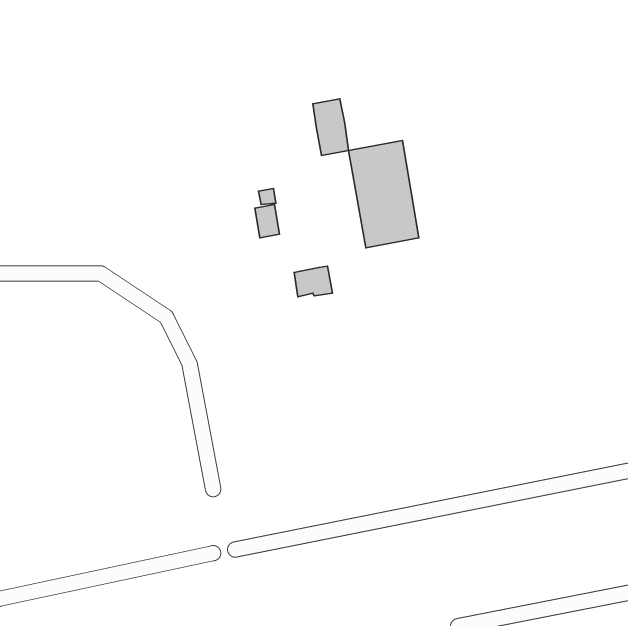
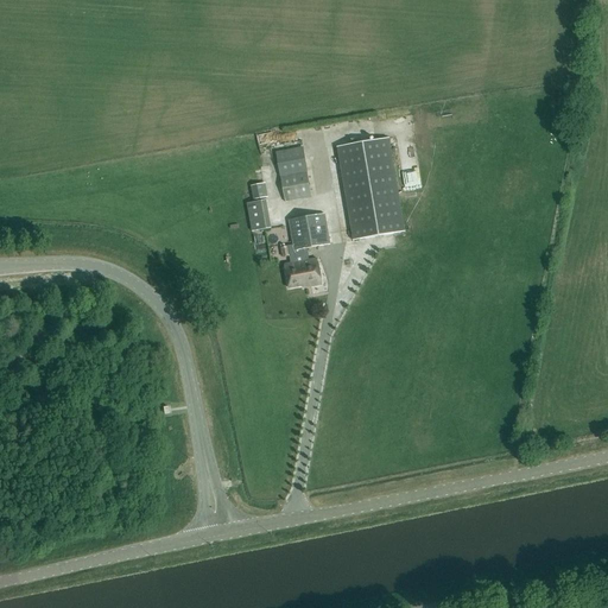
building: [313,99,349,156] -> [276,145,310,200]
building: none -> [280,211,329,261]

